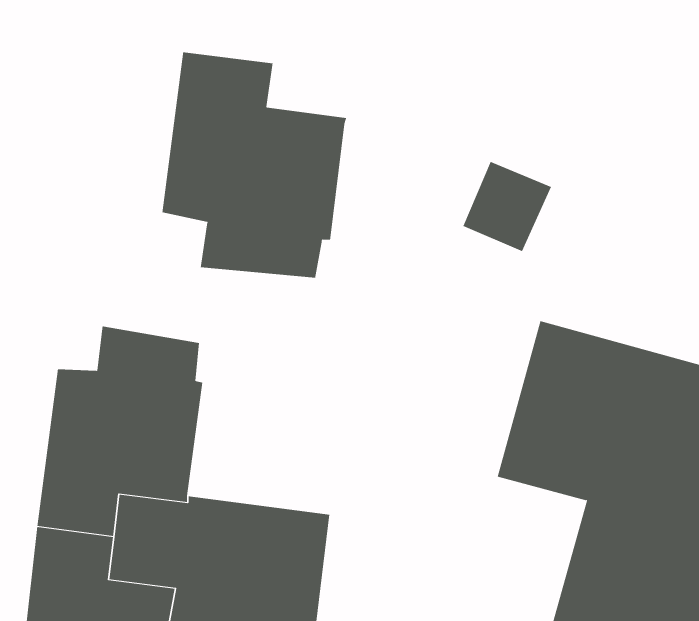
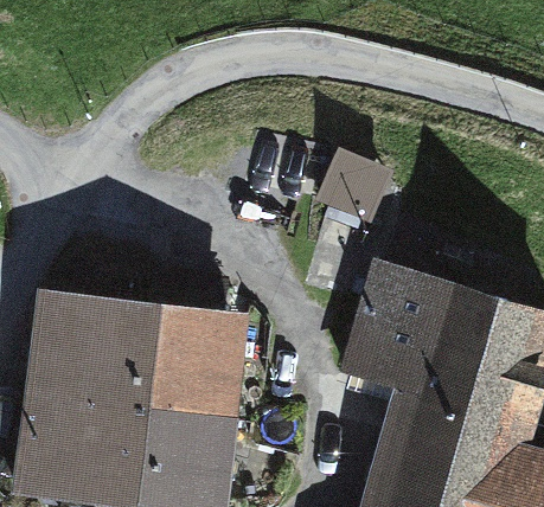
building: [162,51,347,278] -> none
building: none -> [134,280,235,403]

